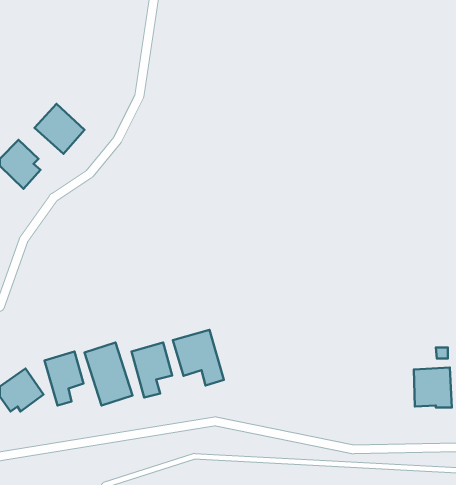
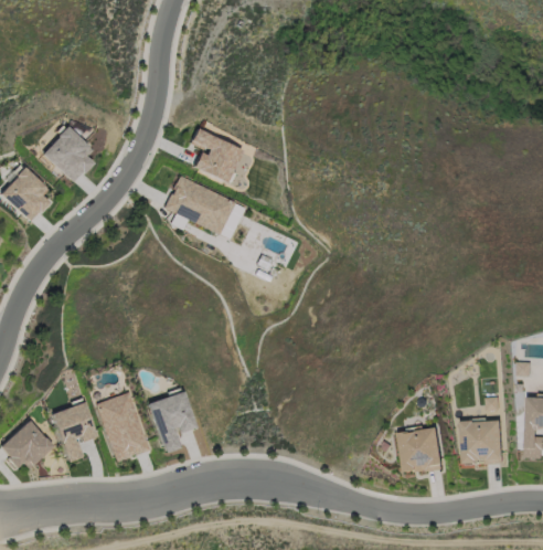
building: none -> [191,121,257,182]
building: none -> [164,176,245,239]
building: [173,330,224,386] -> none
building: none -> [397,426,444,474]

